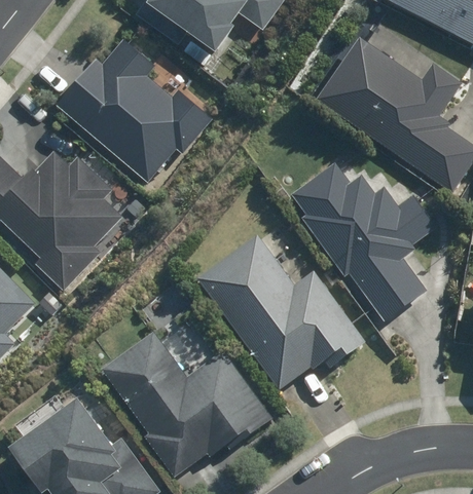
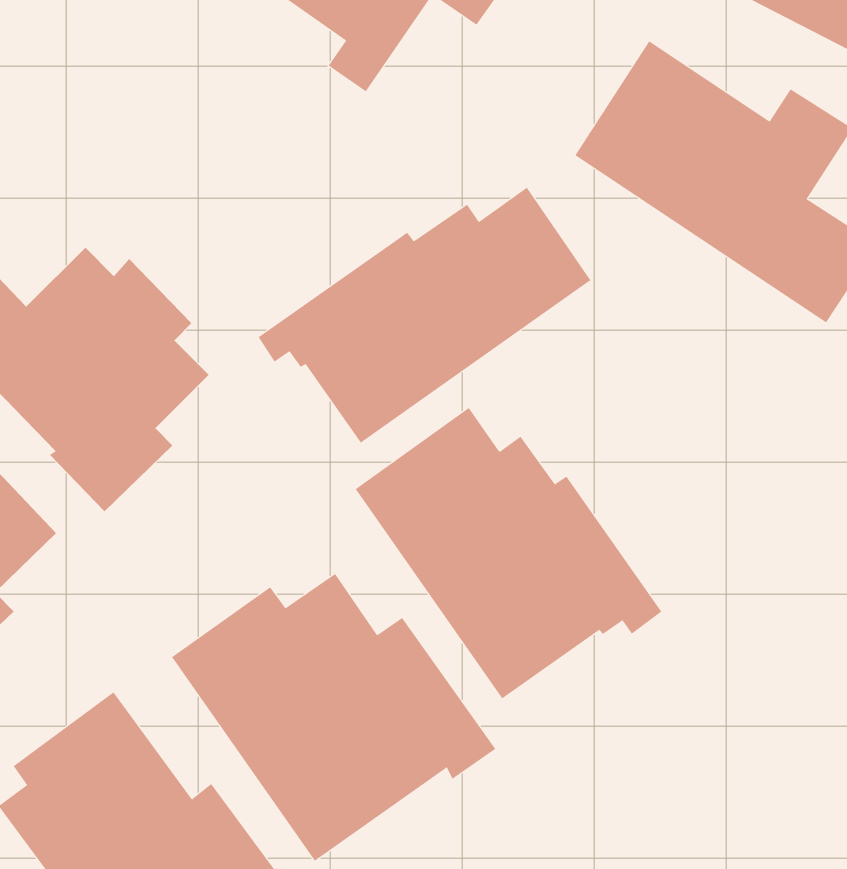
building: [57,35,214,181] -> none
building: none -> [258,187,591,443]
building: [288,164,438,321] -> none

